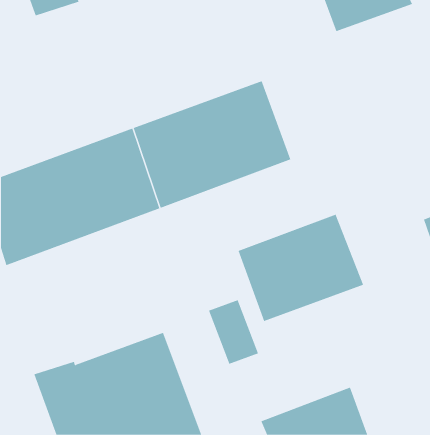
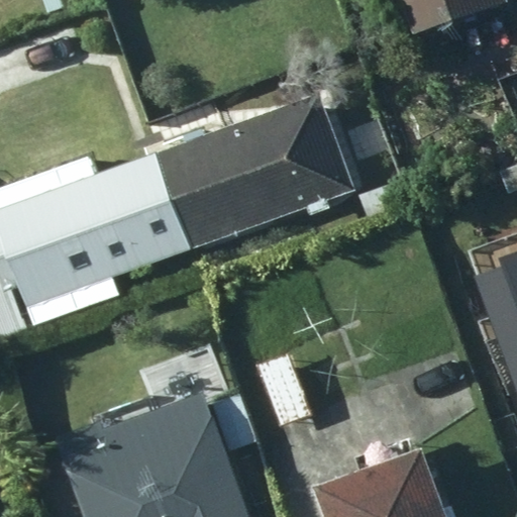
building: [238,214,364,322] -> none

